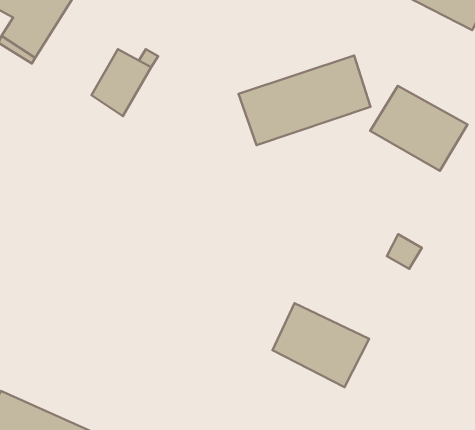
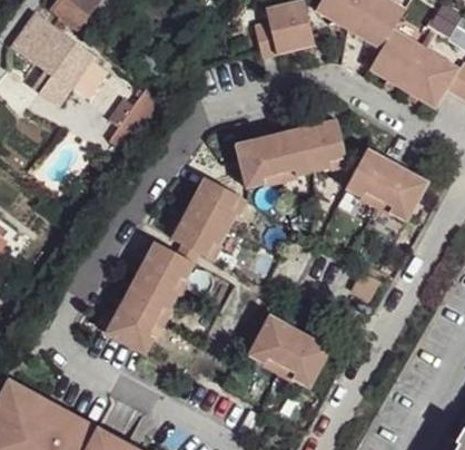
building: none -> [166,185,250,271]
building: none -> [90,242,195,359]

